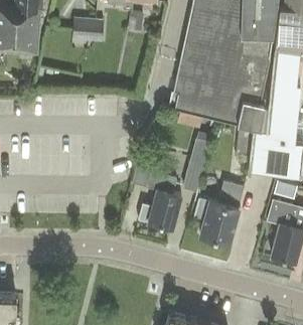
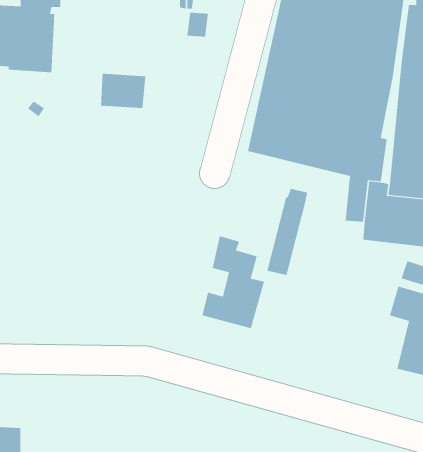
building: [72,16,104,40] -> [100,73,146,109]
building: [192,181,244,242] -> none

